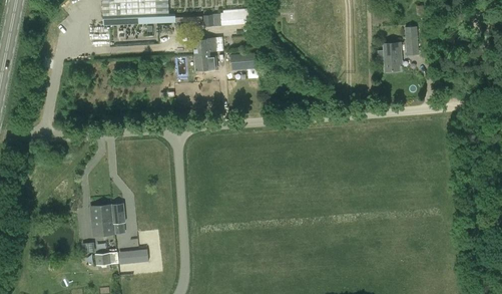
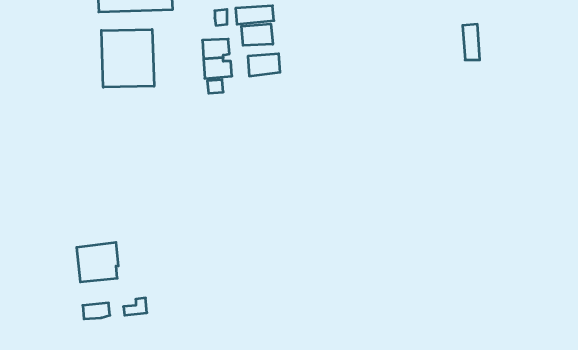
building: none -> [241,24,273,45]
building: none -> [101,29,154,87]
building: [384,43,402,70] -> none

